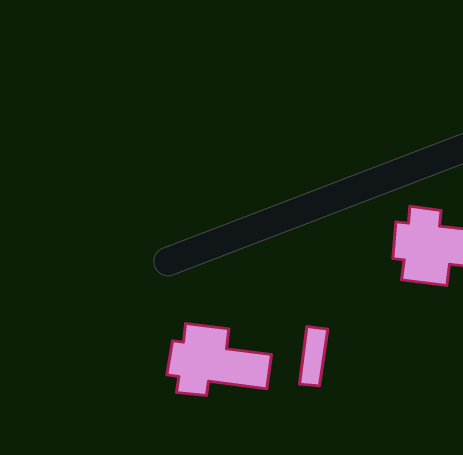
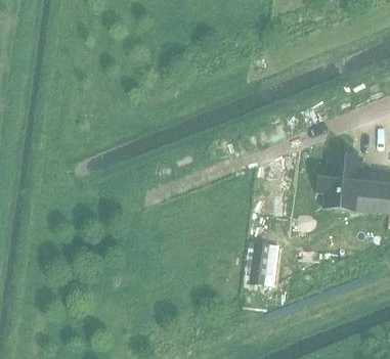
building: [167,324,271,396] -> none

